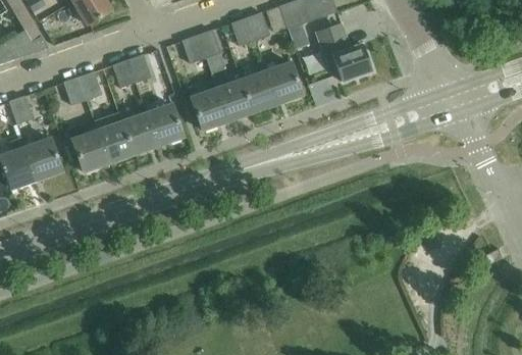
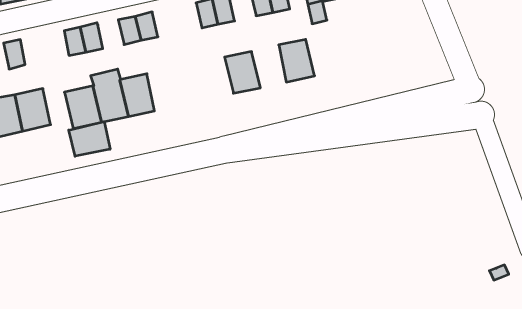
building: [317,24,372,81] -> none
building: [241,70,276,112] -> none
building: [191,88,228,130] -> none
building: [146,104,182,146] -> none
building: none -> [69,122,110,156]

